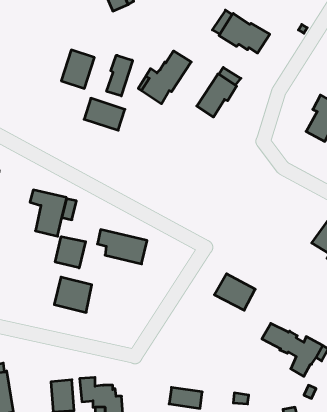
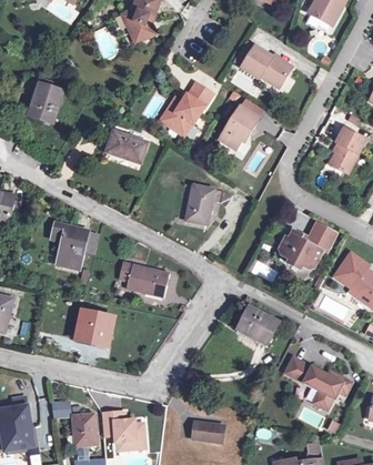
building: [61,50,94,88] -> [29,83,62,122]
building: [107,55,133,96] -> none
building: none -> [185,184,231,224]
building: none -> [279,223,335,269]
building: [55,237,86,268] -> none

